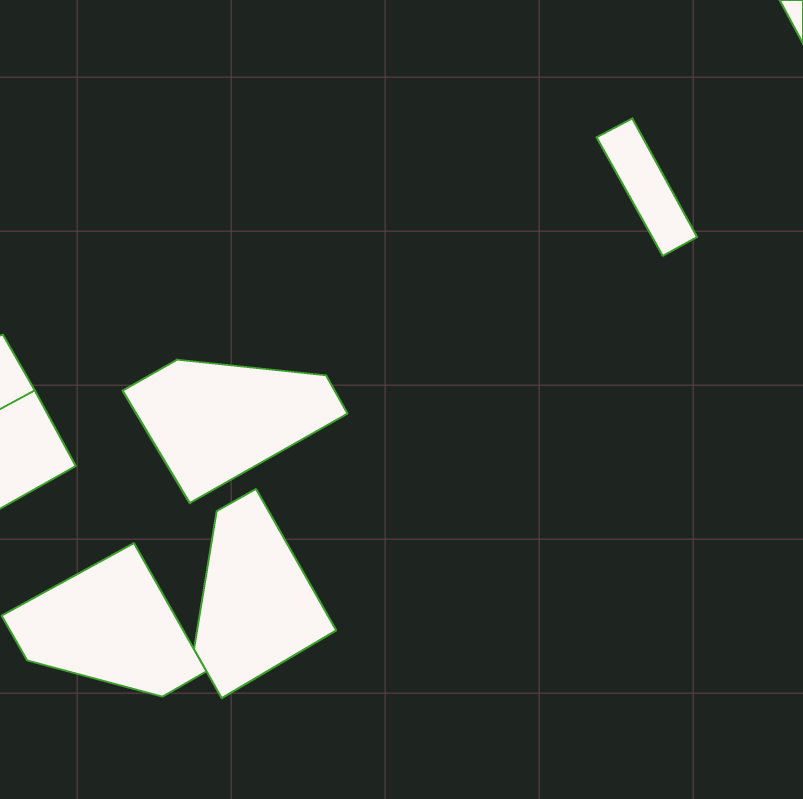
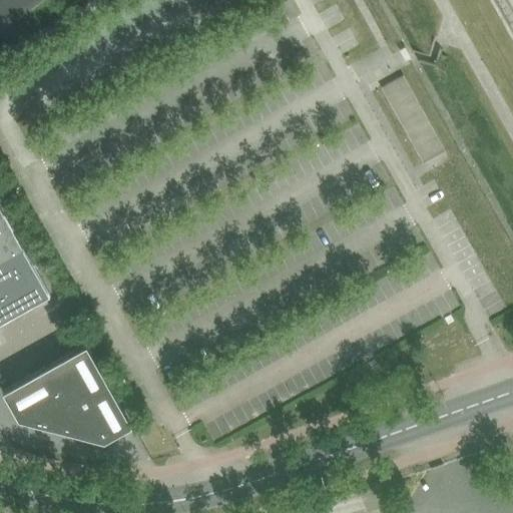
building: [123,359,347,503] -> none
building: [194,489,336,698] -> none

